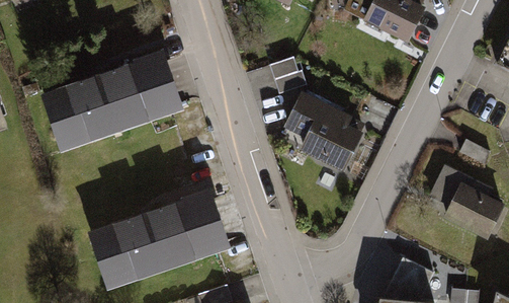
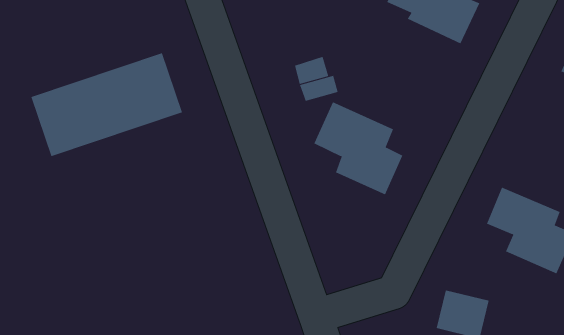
building: [93,188,225,279] -> none

